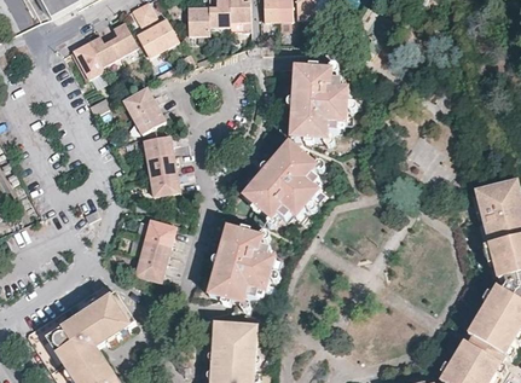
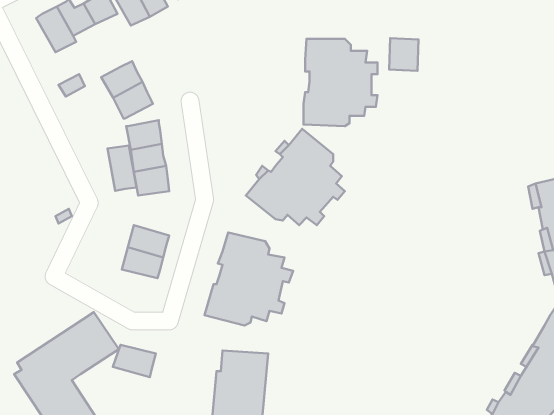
building: none -> [389,38,419,71]
building: none -> [107,145,137,191]
building: [134,257,169,284] -> [113,345,156,377]

